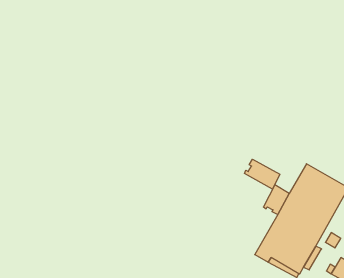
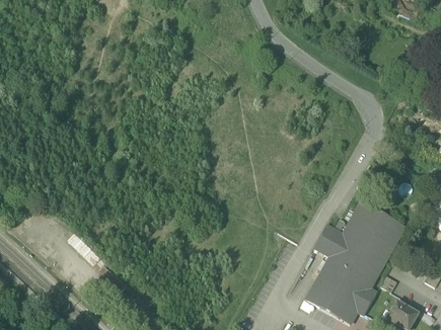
building: [245,159,280,189] -> none

